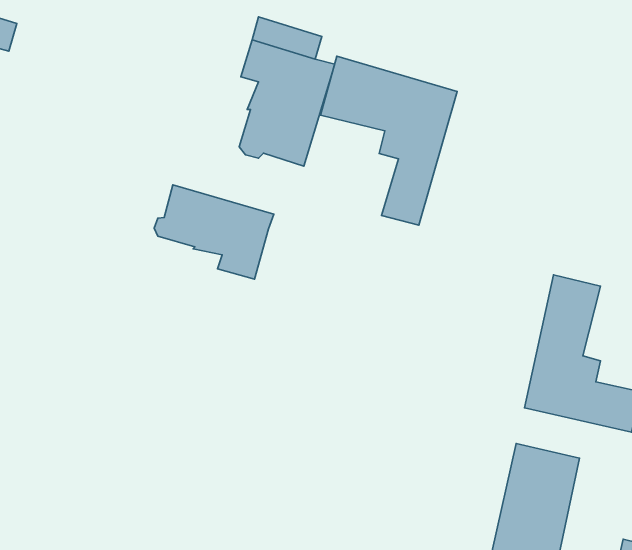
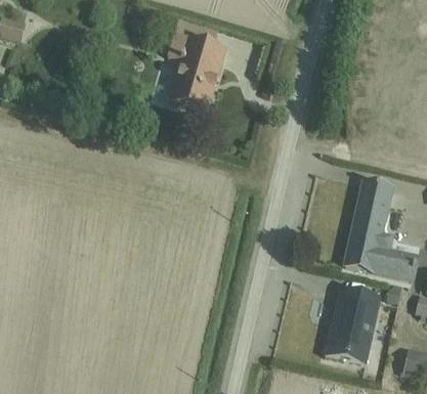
building: [321,56,457,225] -> none
building: [154,185,274,279] -> none

